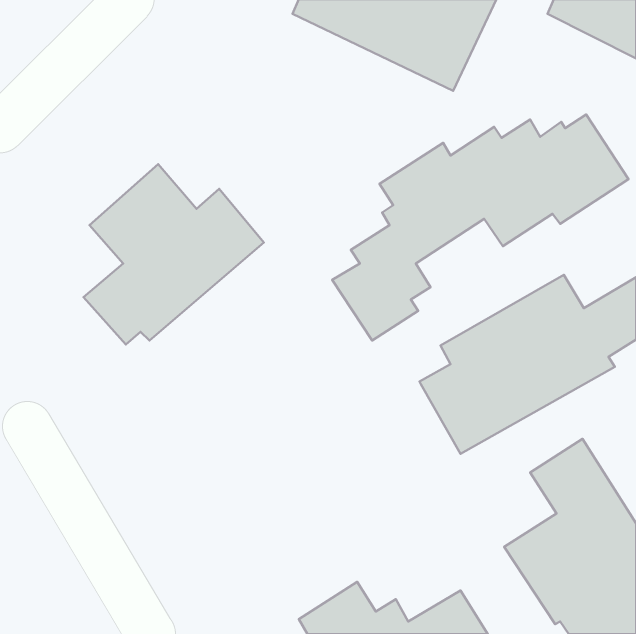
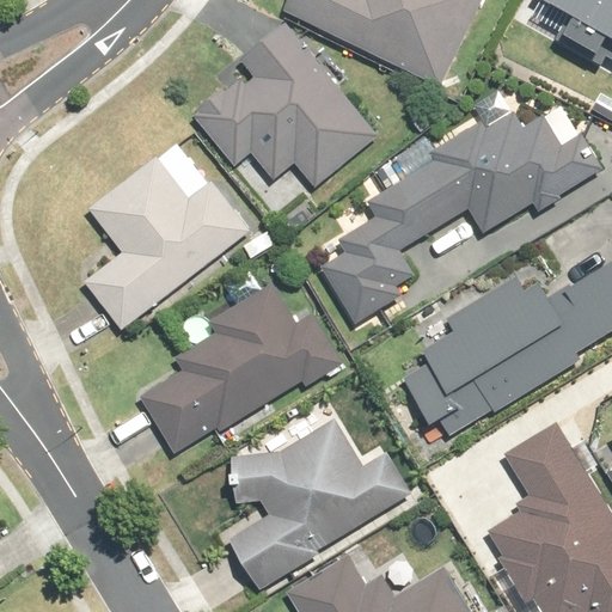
building: none -> [191,24,374,189]
building: none -> [136,286,339,454]
building: none -> [237,412,426,581]

